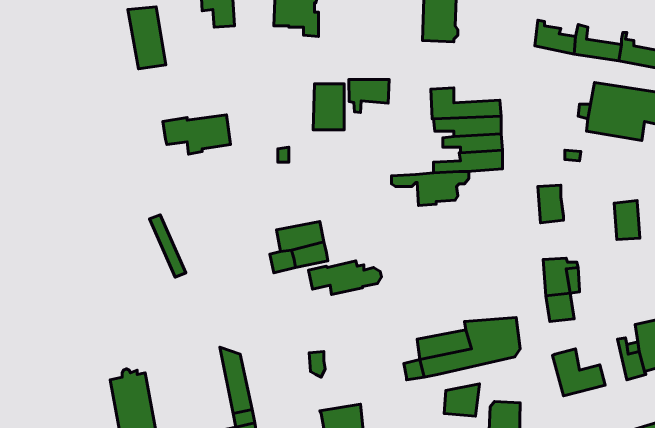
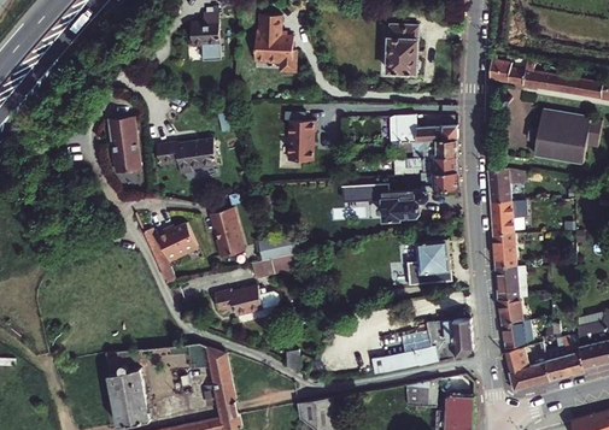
building: [128,7,166,69] -> [106,117,140,172]
building: [349,80,389,113] -> none
building: none -> [486,169,510,202]
building: none -> [211,208,244,258]
building: [614,200,640,240] -> [492,232,515,267]
building: none -> [158,224,197,260]
building: none -> [408,238,451,284]
building: [308,261,381,294] -> [213,285,279,316]
building: none -> [500,319,533,348]
building: none -> [544,338,569,379]

